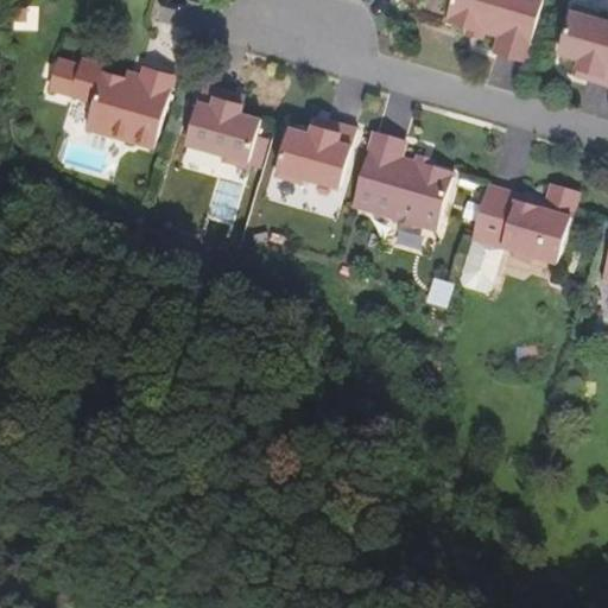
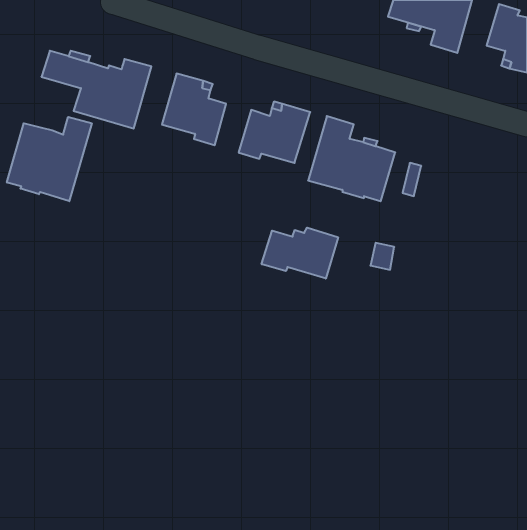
building: none -> [7,117,92,201]
building: [462,185,577,290] -> none
building: none -> [262,228,338,279]

